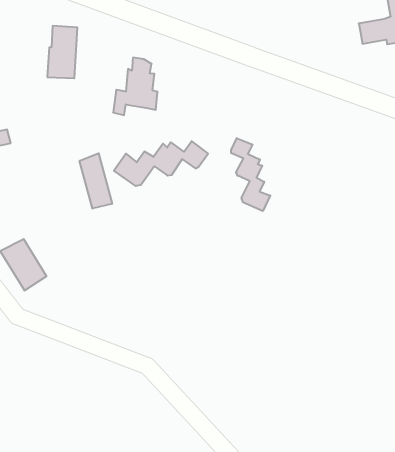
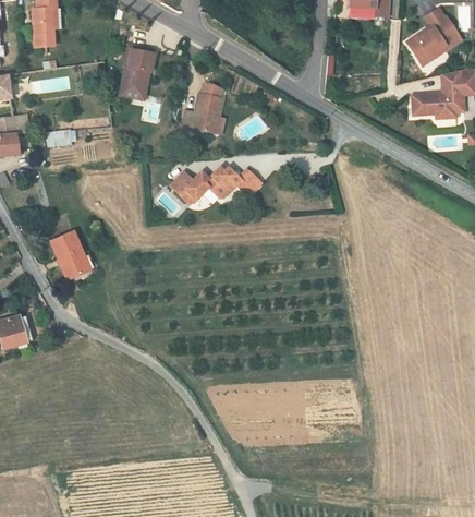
building: [231,138,270,211] -> none
building: [80,153,112,209] -> none

